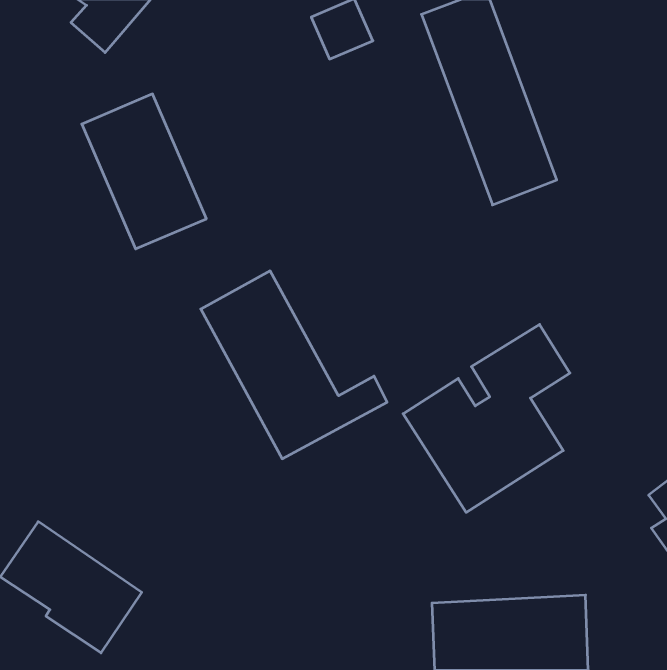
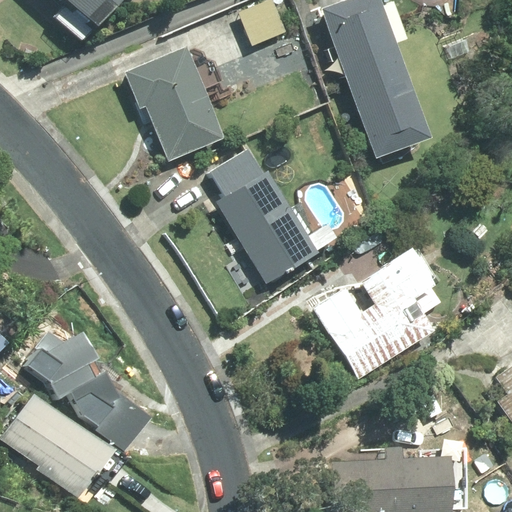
building: [82,94,206,249] -> [131,45,226,163]
building: [201,271,387,459] -> [203,143,345,286]
building: none -> [47,335,149,449]

